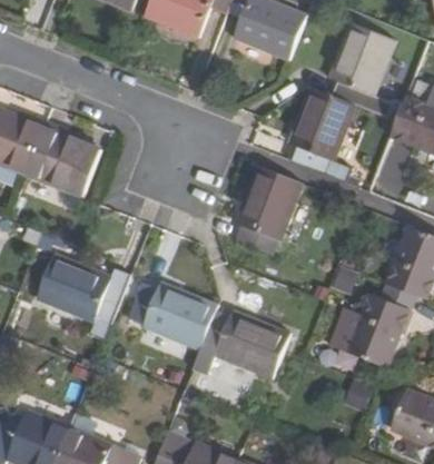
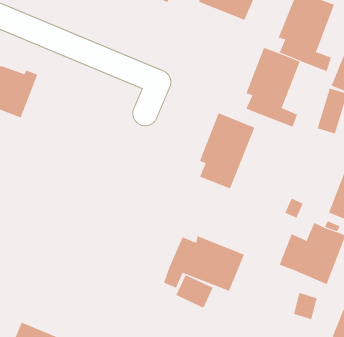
building: [26,122,101,197] -> none
building: [38,256,131,342] -> none
building: [130,283,217,348] -> none

